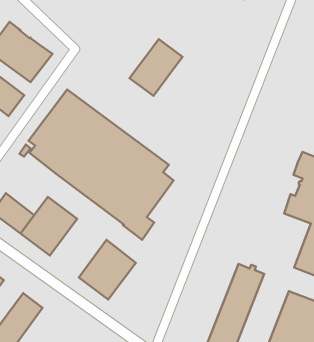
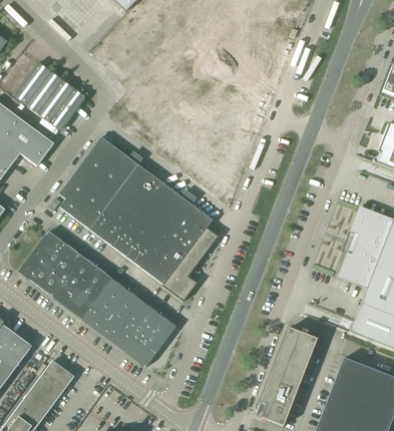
building: [130,39,183,96] -> none
building: none -> [34,231,80,274]
building: none -> [82,278,144,342]

